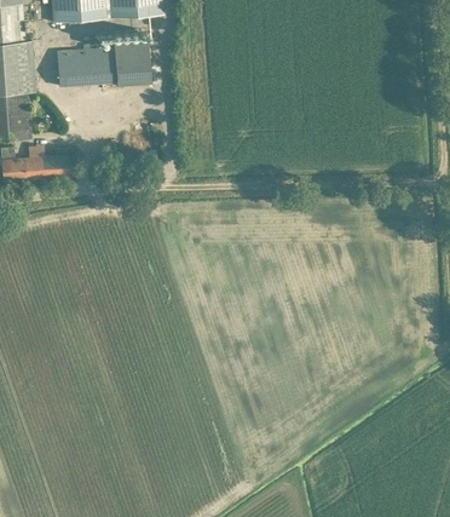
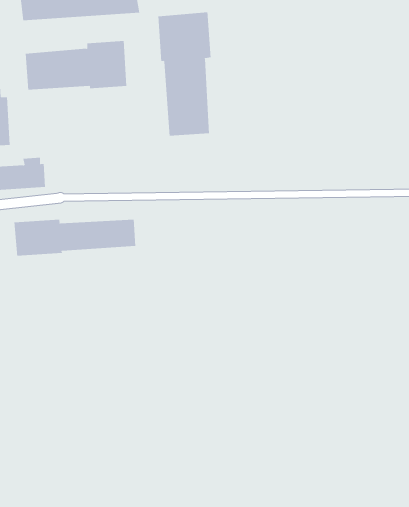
building: none -> [158,12,211,136]
building: none -> [14,219,136,256]

